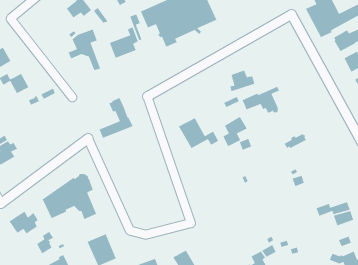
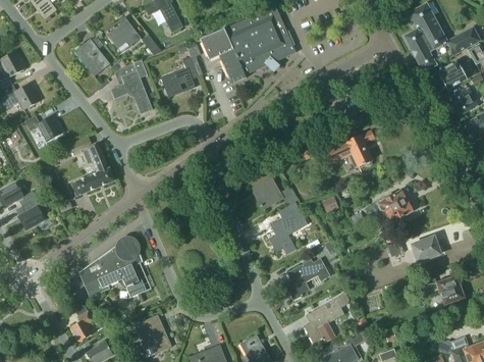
building: none -> [73,39,109,76]
building: [229,70,255,92] -> none
building: [98,97,134,139] -> [70,144,114,196]
building: [222,116,248,147] -> [268,212,300,251]
building: none -> [380,199,412,223]
building: none -> [411,236,438,261]
building: none -> [283,258,329,301]
building: [9,210,39,235] -> none
building: none -> [303,292,348,344]

